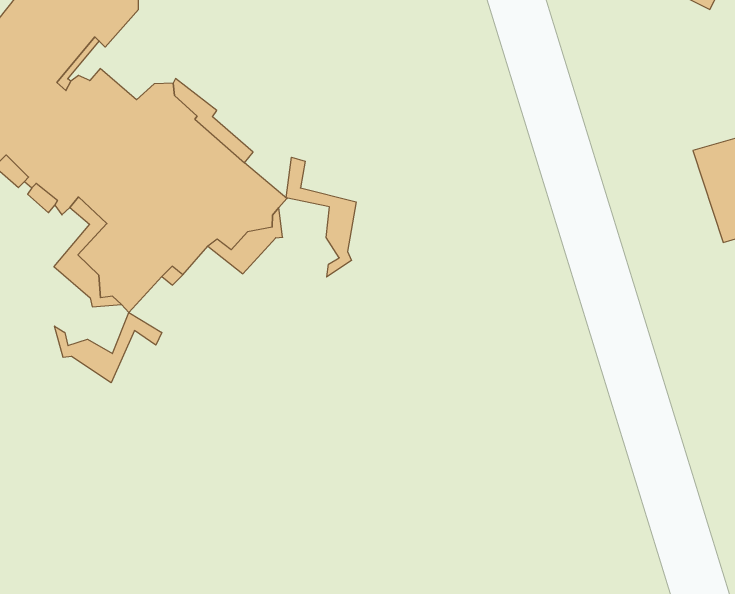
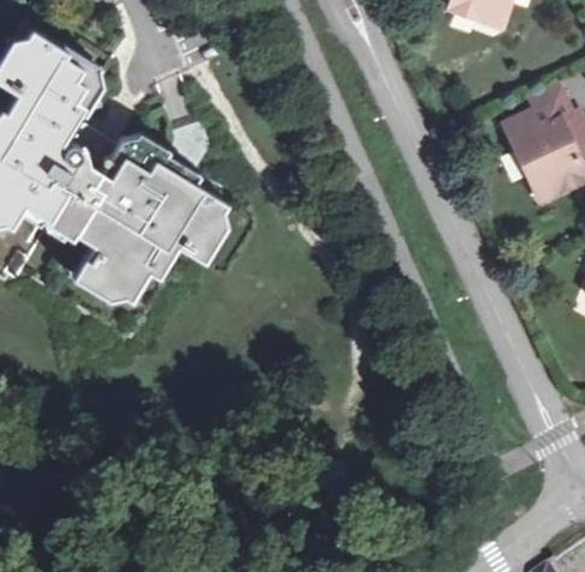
building: [286,157,356,277] -> none
building: [55,312,162,383] -> none

